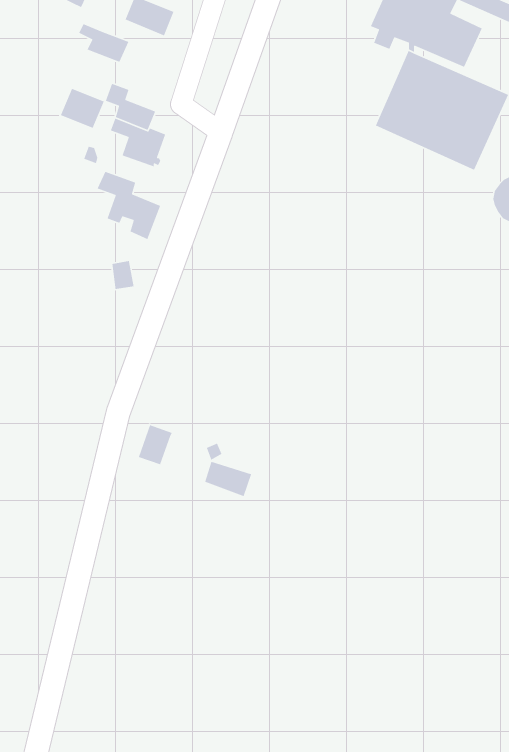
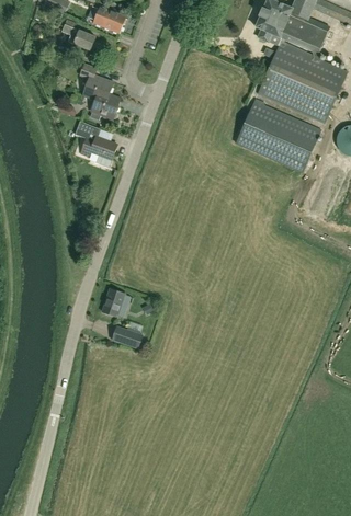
building: [60,88,105,129] -> none
building: none -> [235,98,320,171]
building: [204,461,252,497] -> [111,324,143,348]

